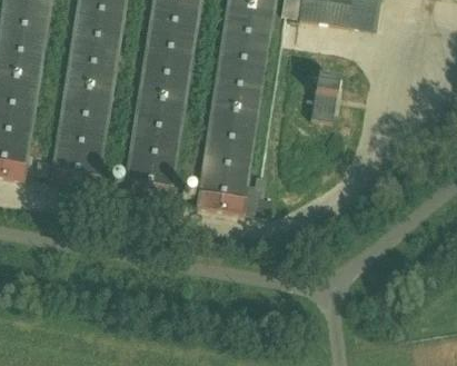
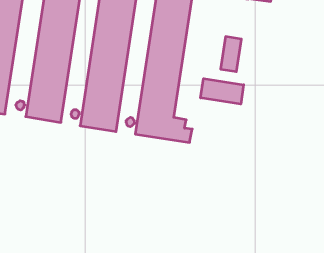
building: none -> [201,79,244,104]

